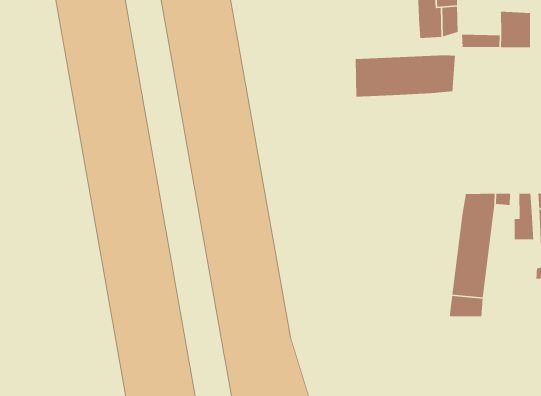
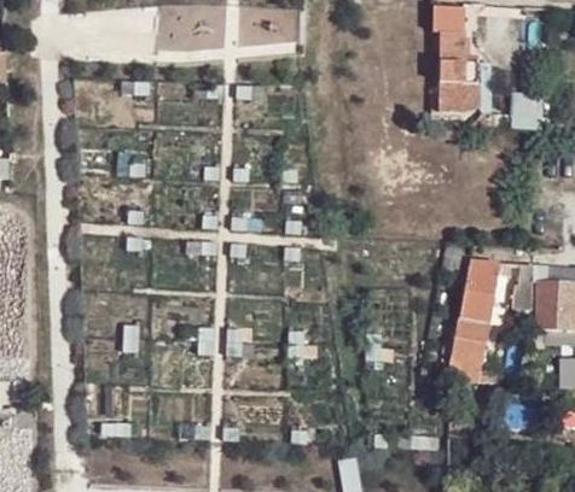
building: [355,54,456,98] -> none

